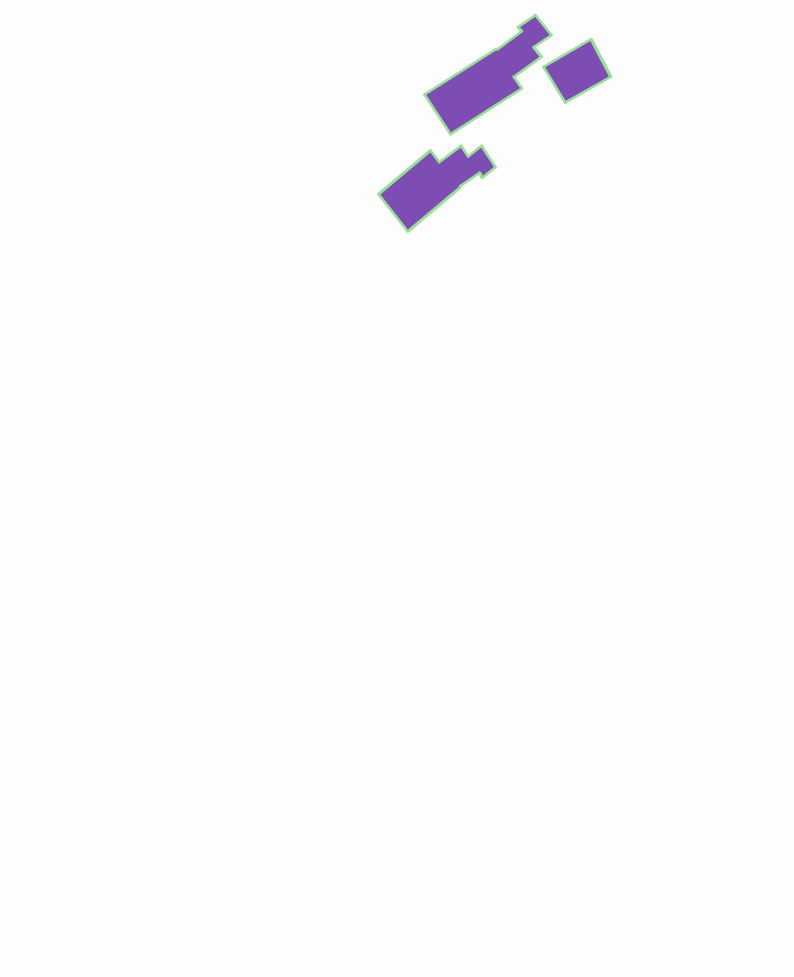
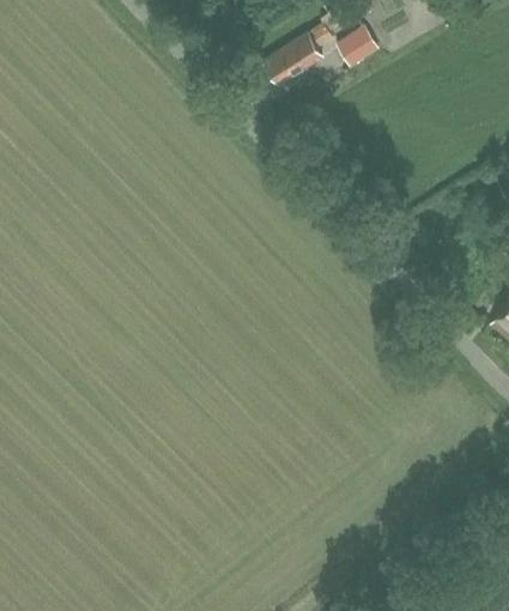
building: [379,146,496,231] -> none

